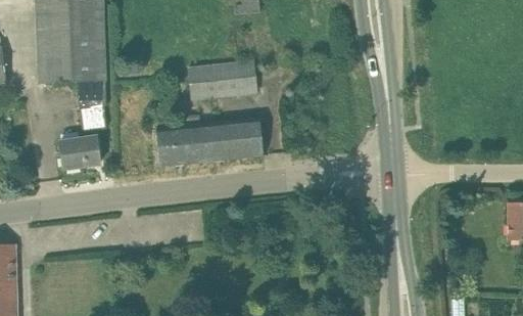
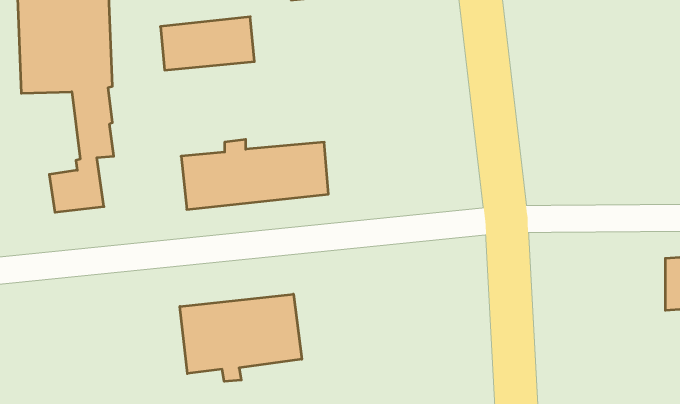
building: [188,60,256,99] -> [160,17,254,70]
building: none -> [180,294,302,381]

